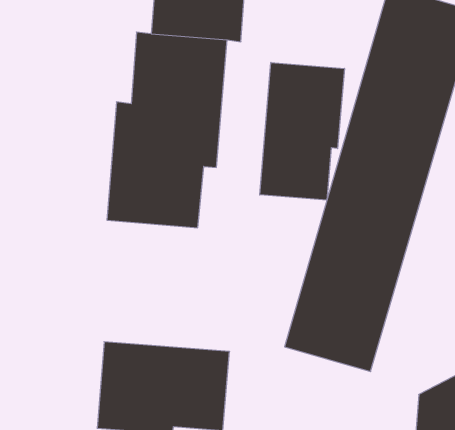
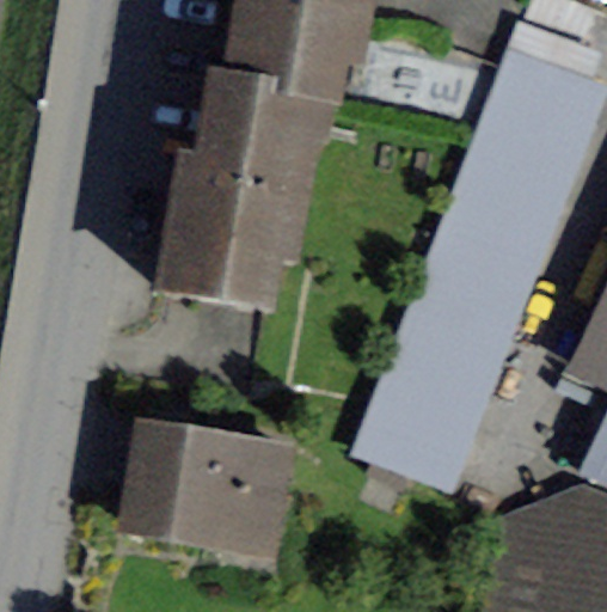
building: [260,62,344,200] -> none

